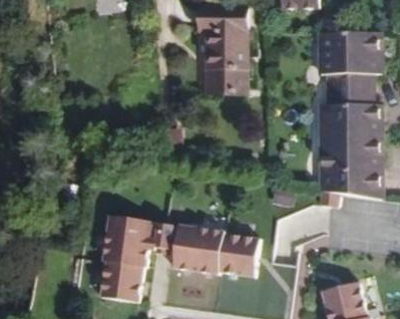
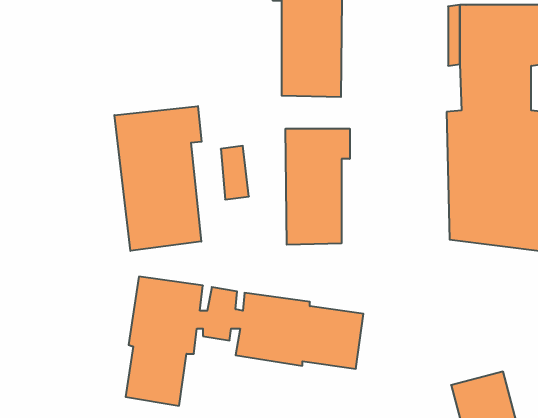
building: none -> [114,106,202,251]
building: none -> [286,129,350,245]

